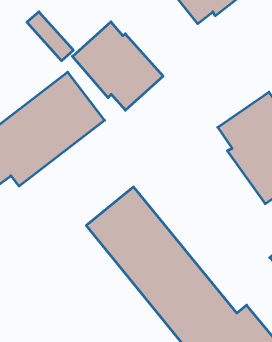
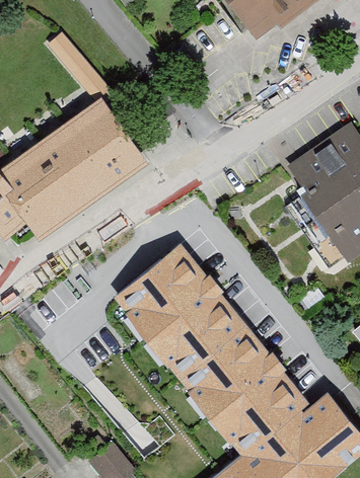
building: [72,22,163,110] -> none

